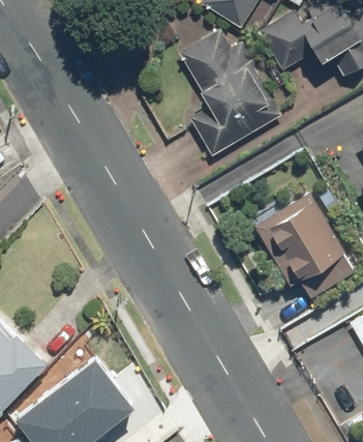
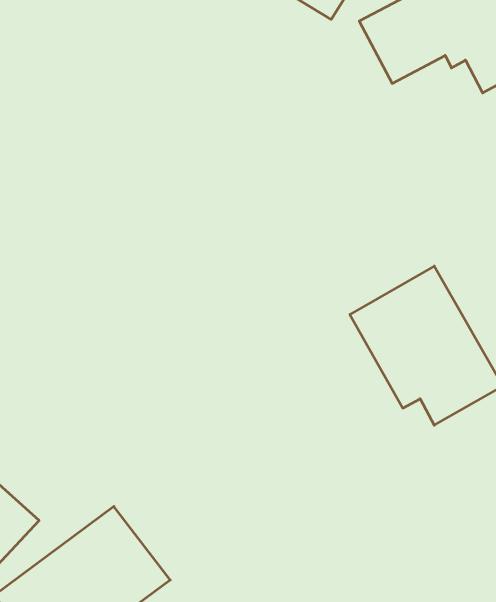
building: [180,30,282,158] -> none

